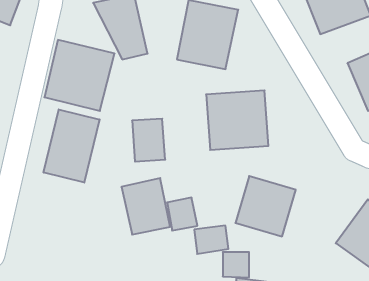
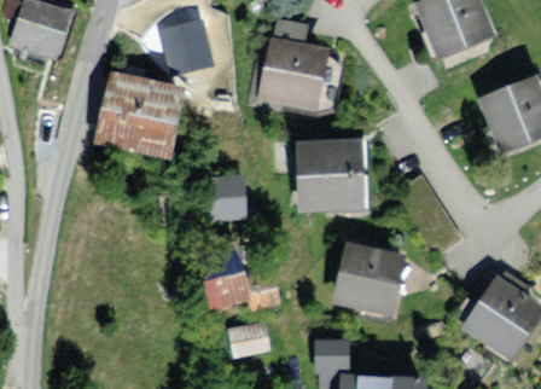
building: [44,109,100,183] -> none
building: [194,226,228,254] -> [232,324,274,359]

